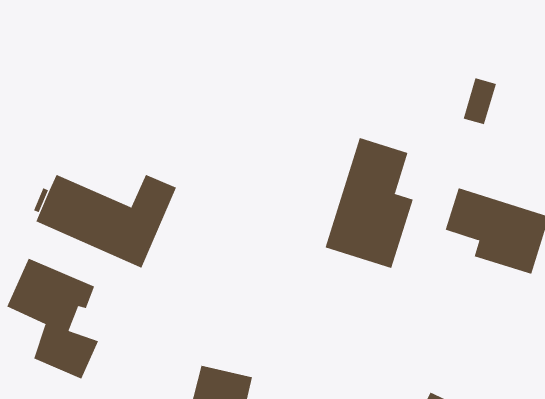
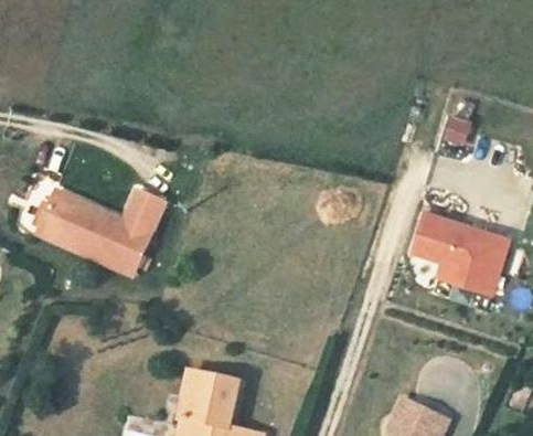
building: [325,137,413,269] -> none
building: [6,258,99,380] -> none

